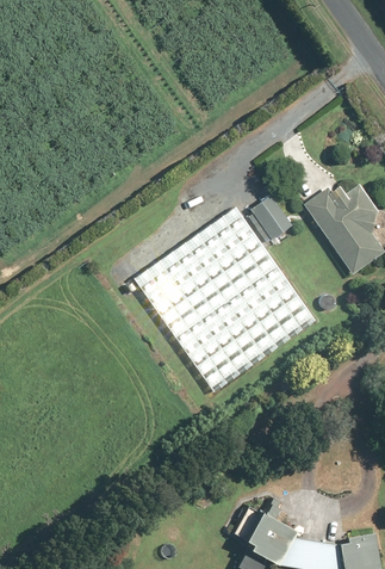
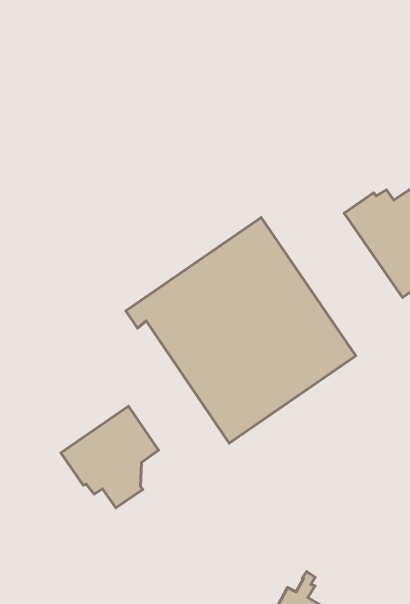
building: [250,194,292,239] -> none
building: none -> [61,406,158,508]

